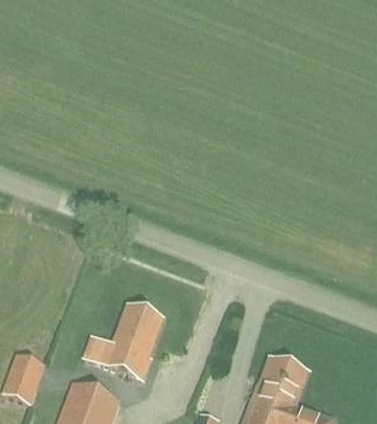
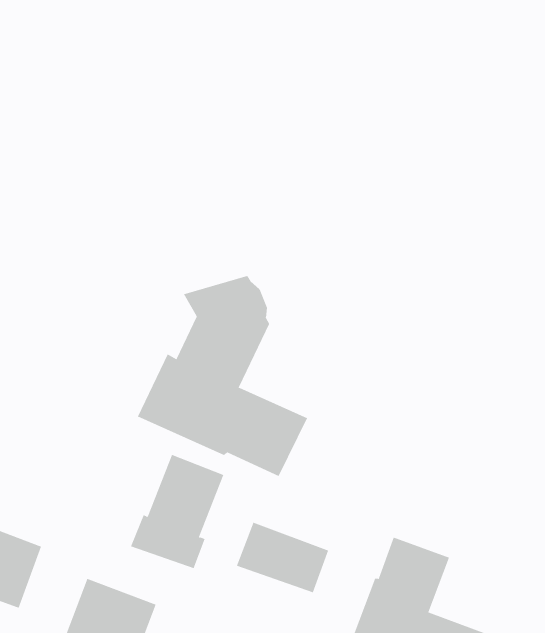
building: none -> [137,275,308,477]
building: none -> [236,522,329,593]

